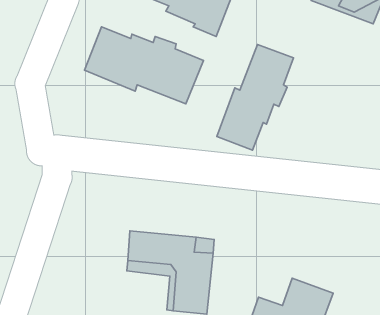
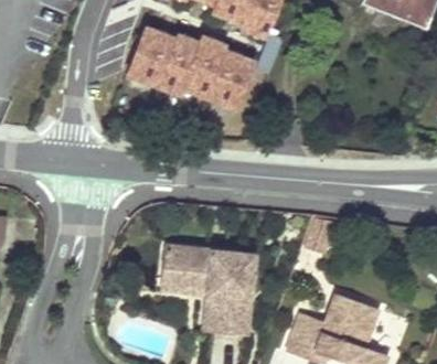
building: [217,45,294,150] -> none

